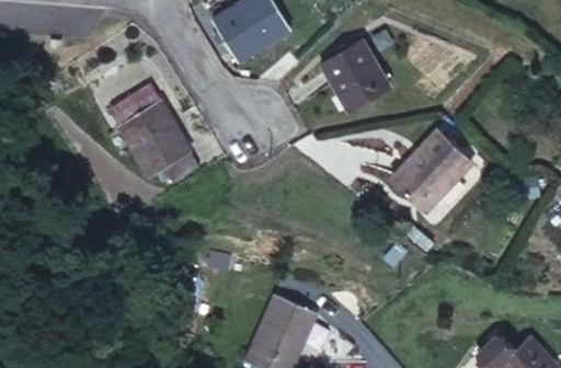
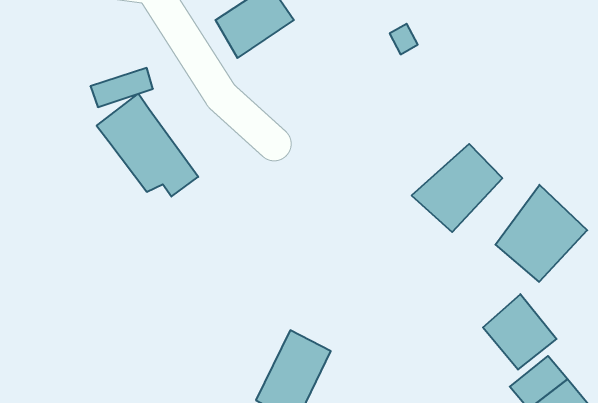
building: [323,49,385,111] -> none
building: none -> [495,185,587,282]
building: none -> [483,294,557,370]

